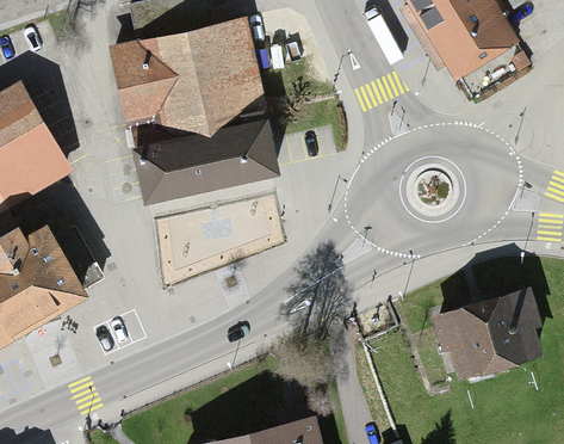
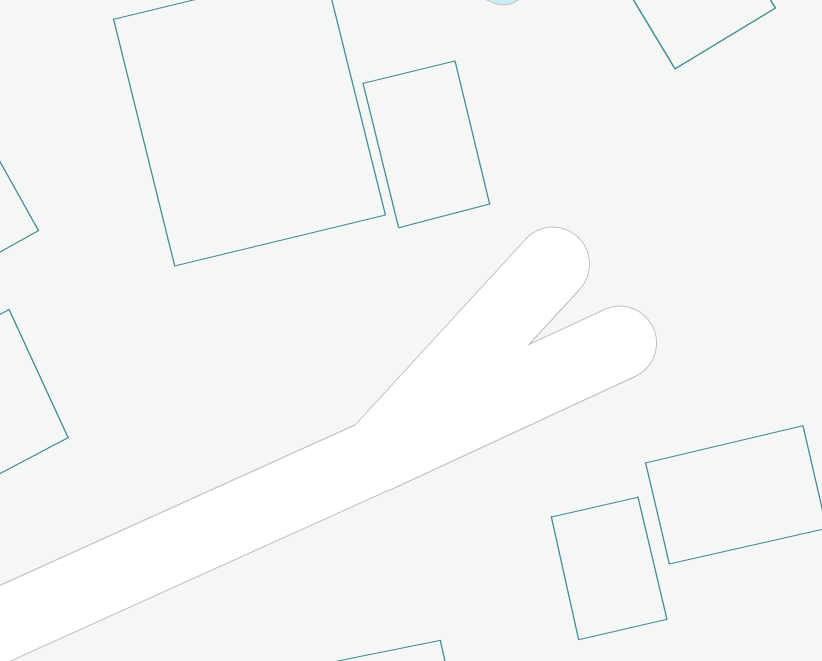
building: none -> [363,61,489,228]
building: none -> [551,497,667,640]

